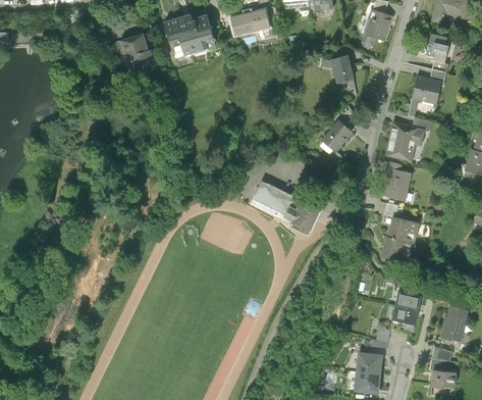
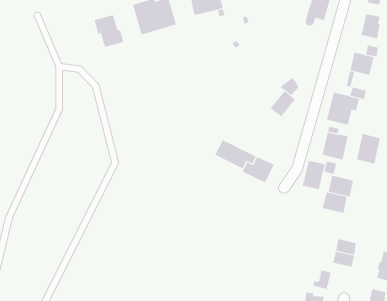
building: [330,57,354,89] -> none
building: none -> [357,133,381,165]
building: none -> [302,160,325,190]

